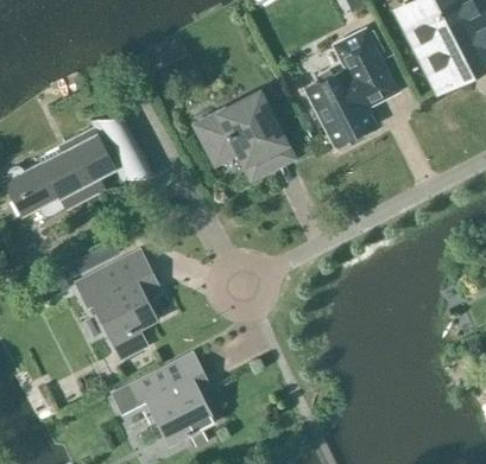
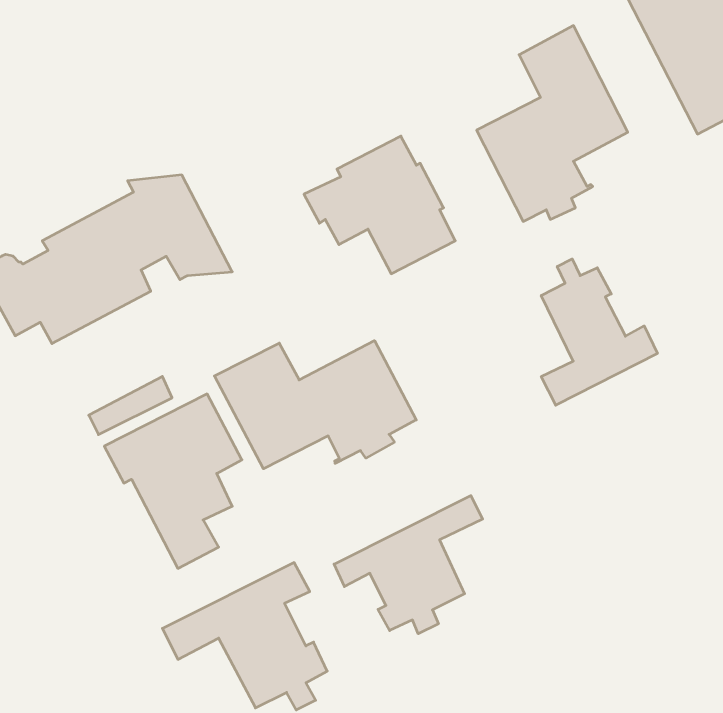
building: none -> [541,259,657,405]
building: none -> [214,341,416,469]
building: none -> [334,496,483,634]

